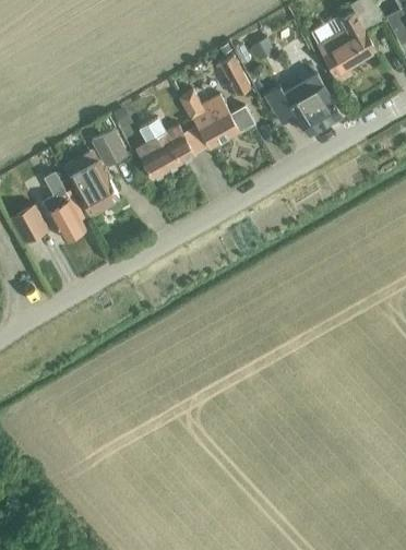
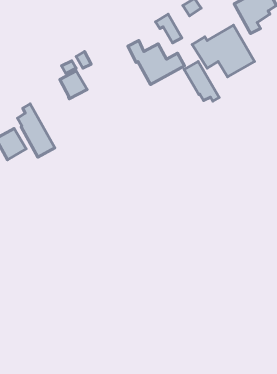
building: none -> [184,61,219,101]
building: [135,118,195,179] -> none
building: [63,148,121,216] -> none

